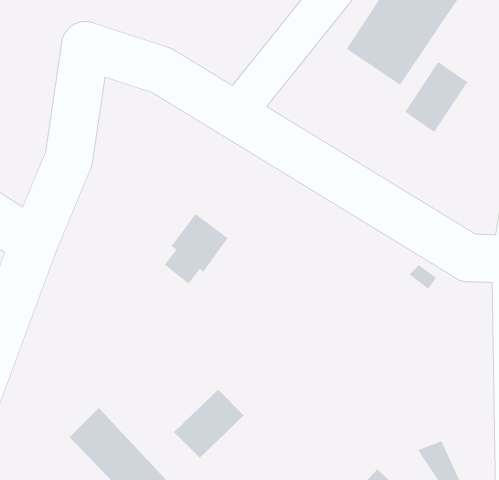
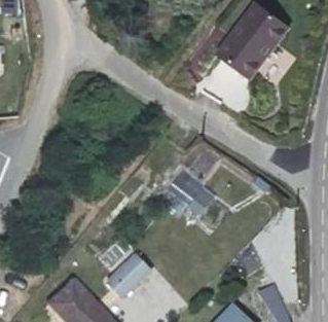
building: [404,61,468,133] -> none
building: [164,213,228,284] -> [165,171,205,215]

